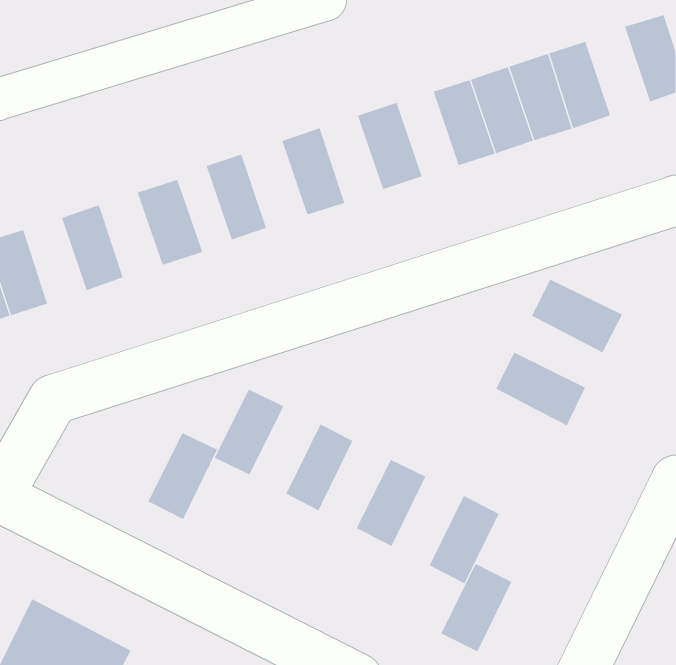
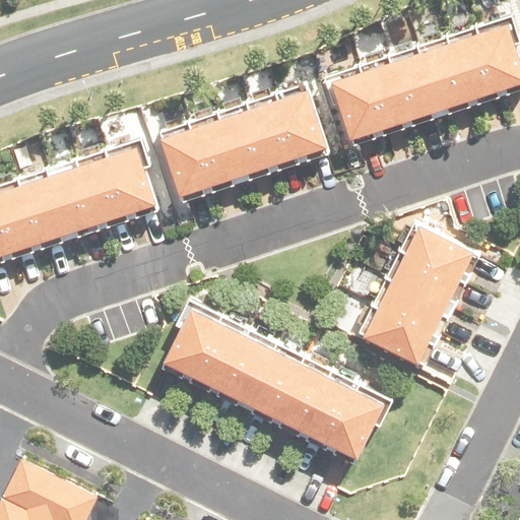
building: none -> [448,30,497,99]
building: none -> [245,99,292,166]
building: none -> [185,118,235,185]
building: none -> [76,157,124,222]
building: none -> [18,177,66,243]
building: none -> [393,252,461,307]
building: none -> [365,308,434,364]
building: [148,432,218,520] -> [191,321,245,388]
building: none -> [244,347,299,414]
building: [441,563,512,652] -> [300,375,354,443]

